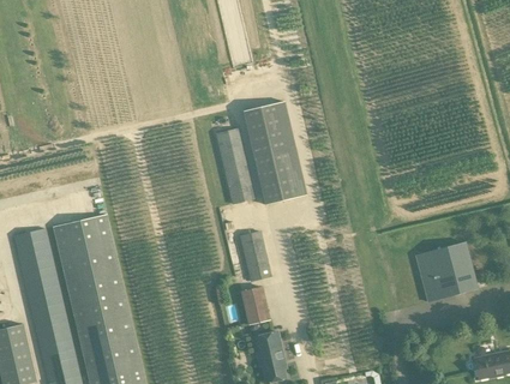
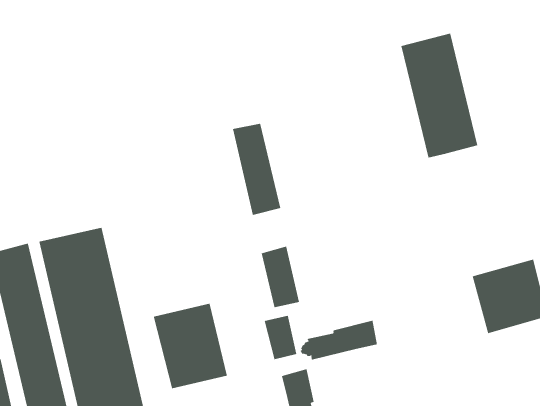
building: [242,100,307,204] -> [400,33,478,158]
building: none -> [153,303,227,389]
building: none -> [300,320,377,360]

